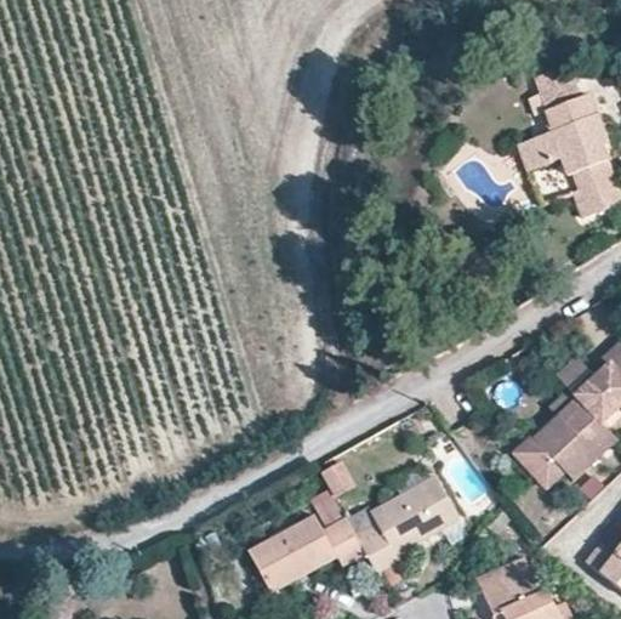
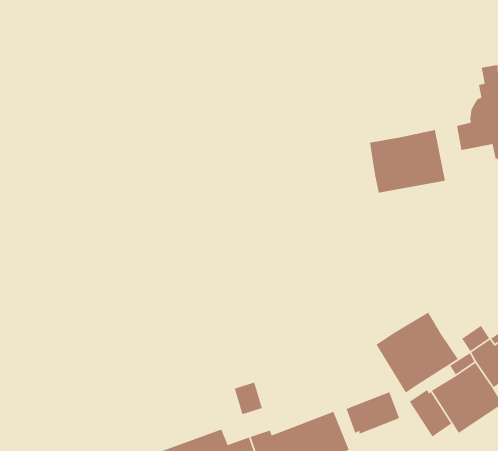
building: none -> [369,129,446,194]
building: none -> [375,311,459,394]
building: none -> [345,391,400,435]

